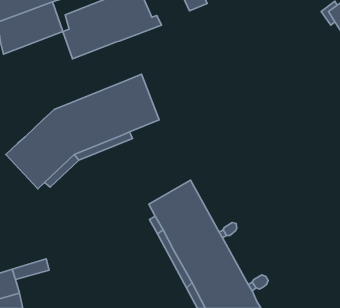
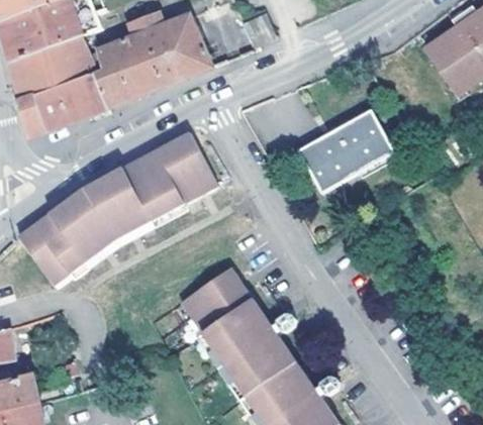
building: none -> [17,76,104,141]
building: none -> [293,111,391,196]

